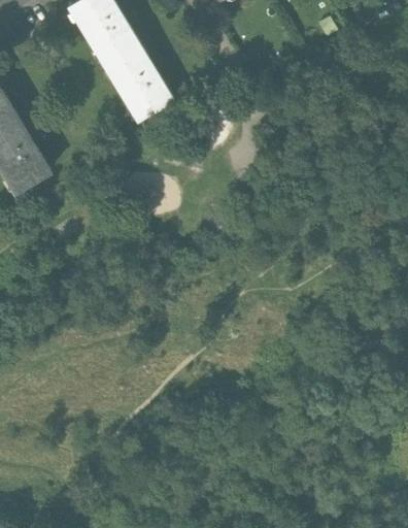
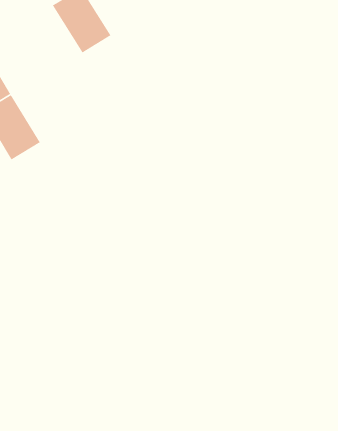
building: [102,43,172,123] -> none

